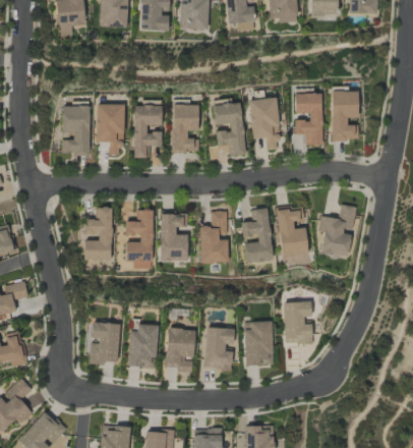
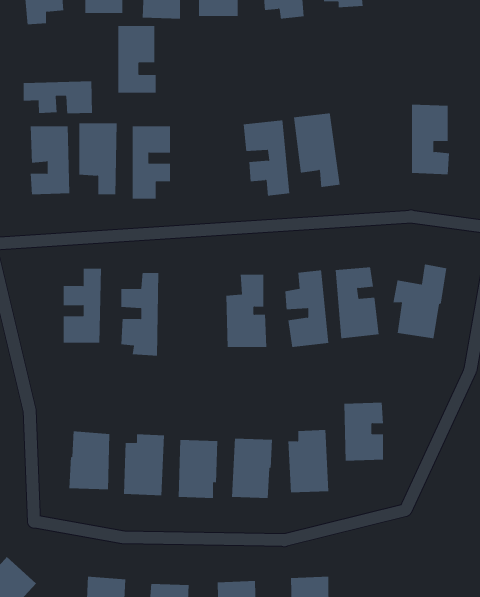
building: none -> [23,81,92,114]
building: [293,94,321,145] -> none
building: [171,104,198,152] -> [118,25,156,93]
building: [160,212,188,262] -> none

